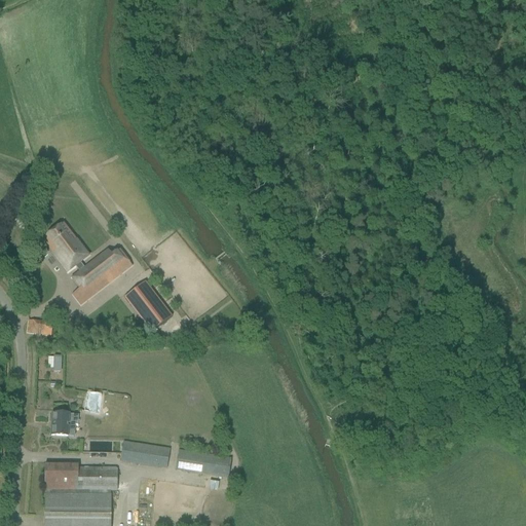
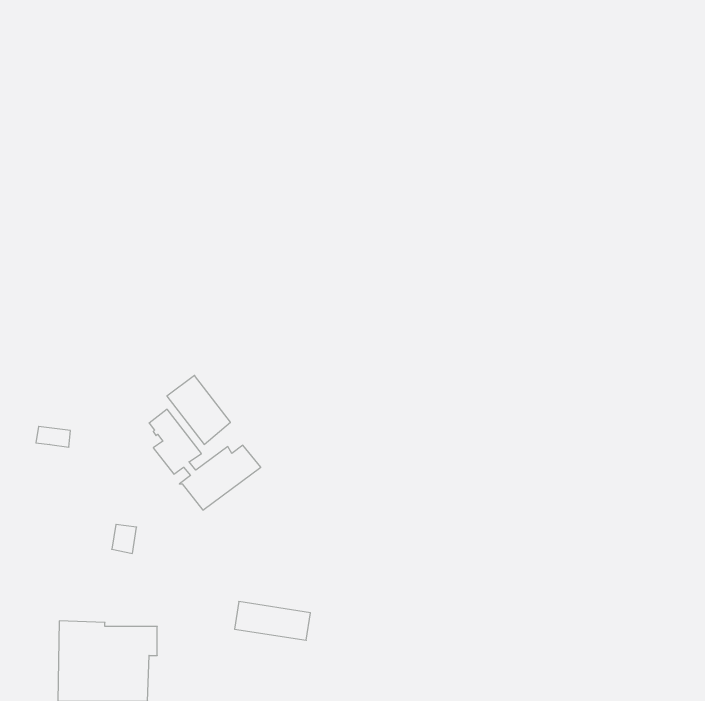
building: [49,221,133,296] -> [149,409,261,510]
building: [51,411,78,435] -> none
building: [119,440,170,467] -> none

